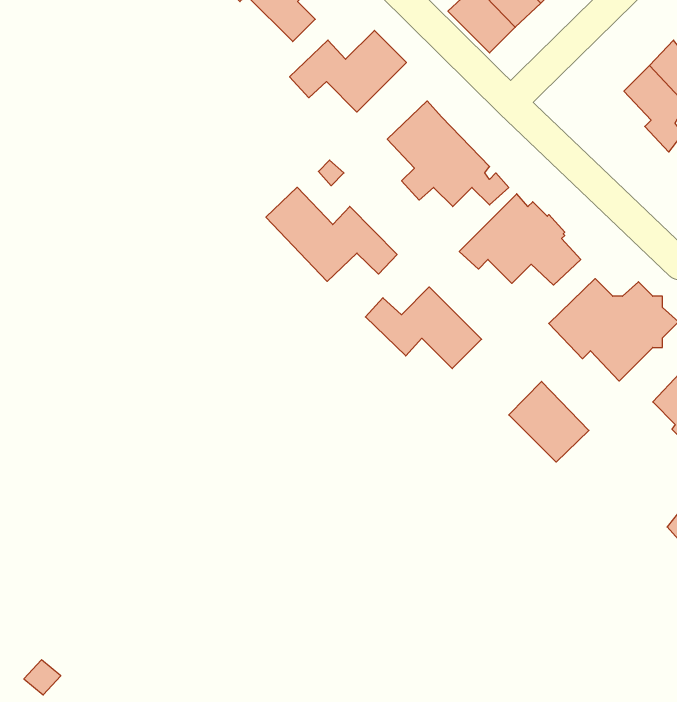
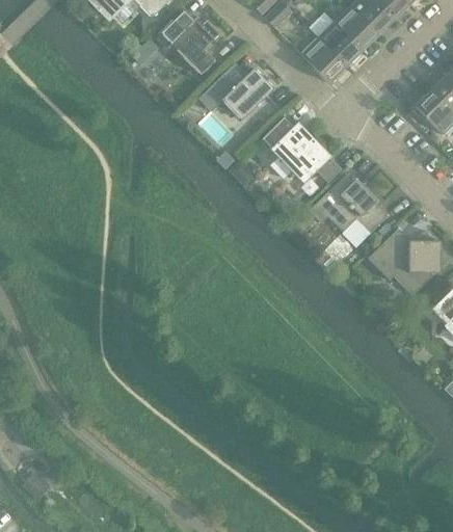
building: [266,187,397,281] -> none
building: [365,287,482,369] -> none
building: [509,381,589,462] -> none

